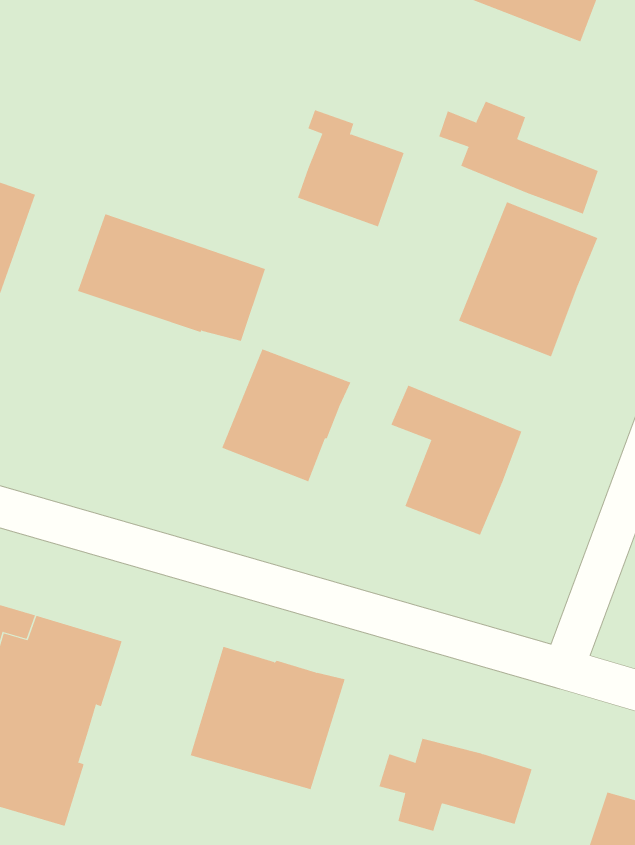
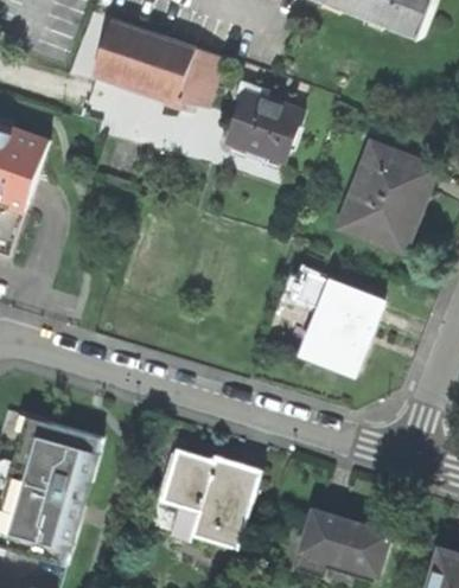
building: [438,101,599,215] -> none
building: [77,213,266,341] -> [91,18,221,106]
building: [222,349,351,482] -> none

